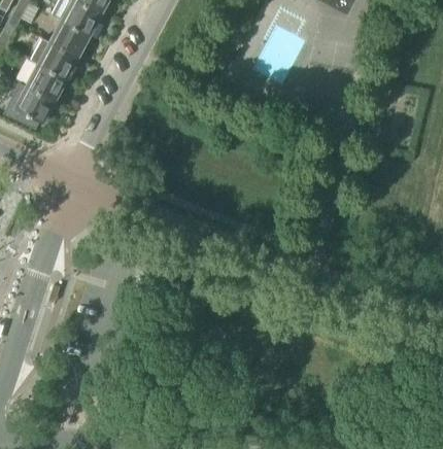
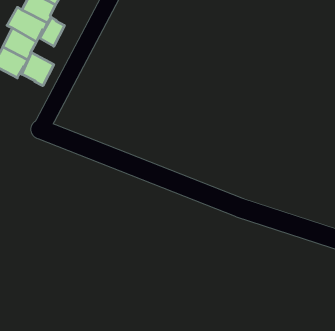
building: none -> [40,18,64,46]
building: none -> [22,53,54,86]

